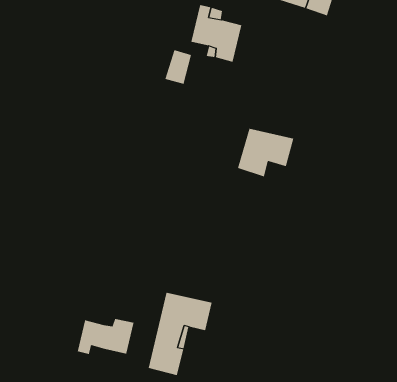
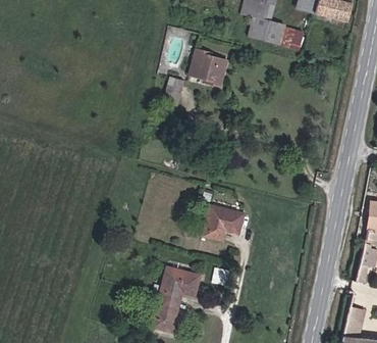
building: [237,128,294,177] -> [202,203,247,242]
building: [77,318,134,355] -> none

